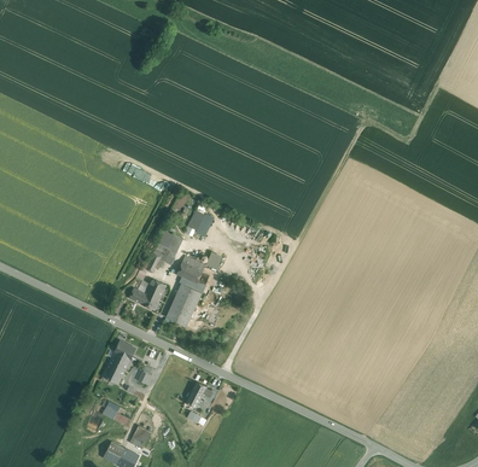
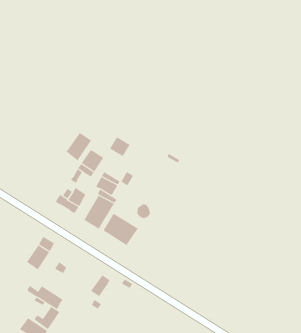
building: none -> [66,132,92,161]
building: none -> [103,213,139,246]

